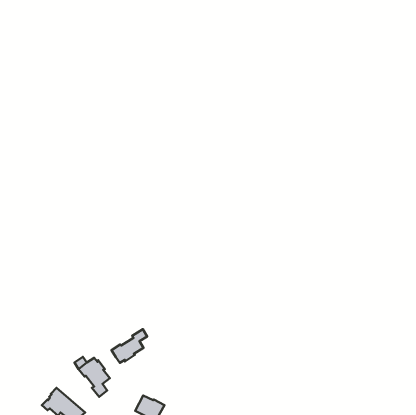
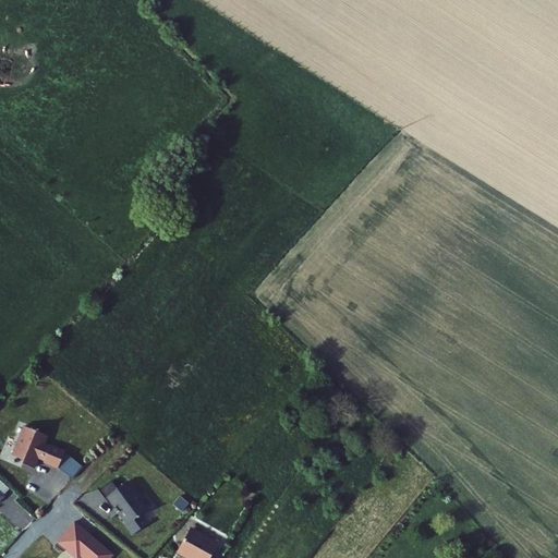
building: none -> [13,426,64,469]
building: [112,329,147,363] -> none

